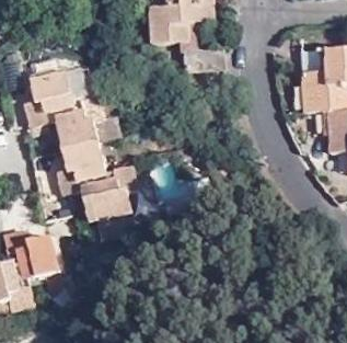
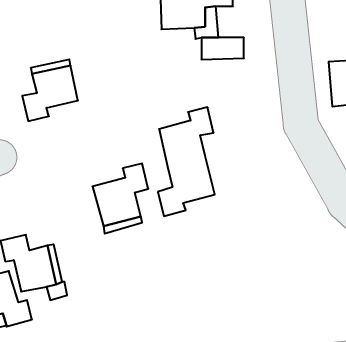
building: [55,95,106,194] -> [158,107,215,216]

